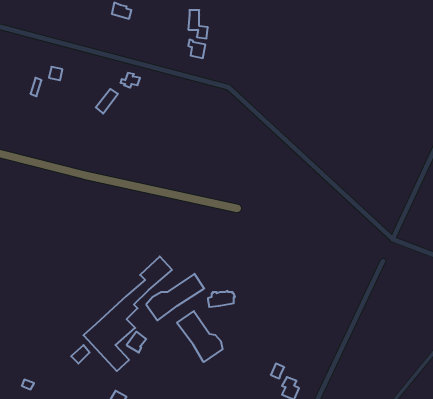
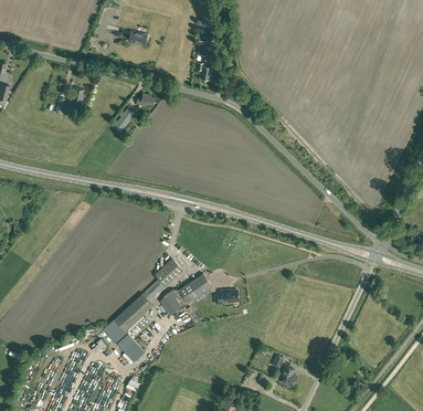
building: [177,311,223,362] -> none

